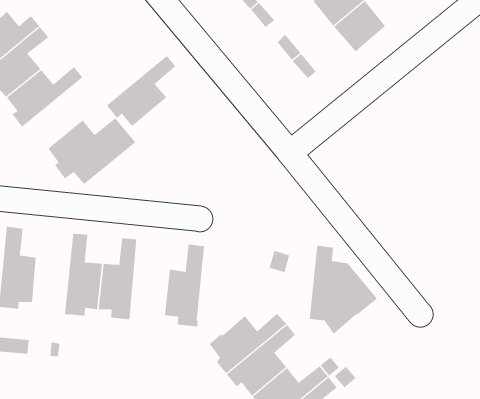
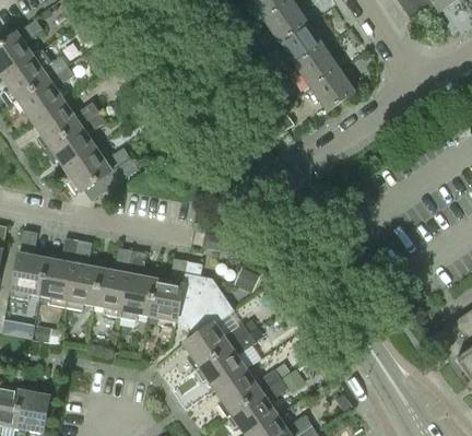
building: [106,55,176,127] -> [44,111,105,168]
building: none -> [39,237,78,307]
building: none -> [119,250,155,320]
building: [309,245,378,334] -> [175,261,234,337]

